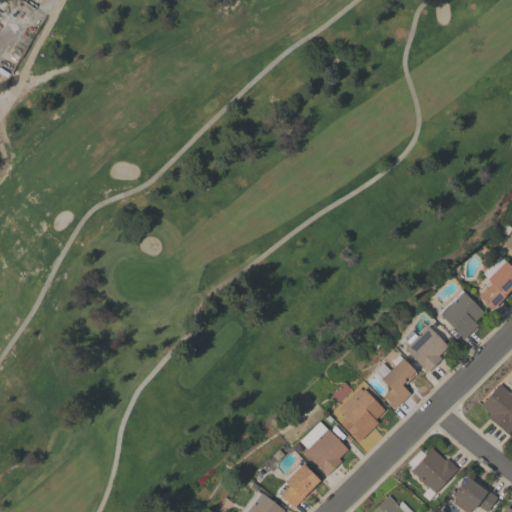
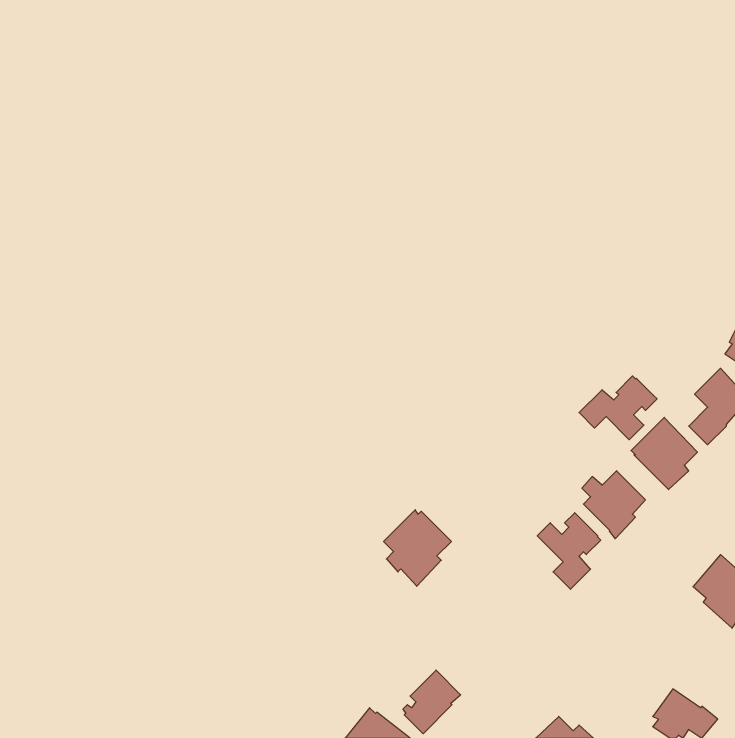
building: none -> [579,376,657,440]
building: [339,388,386,441] -> [384,510,451,586]
building: [305,428,349,476] -> none
building: [407,448,459,501] -> none

